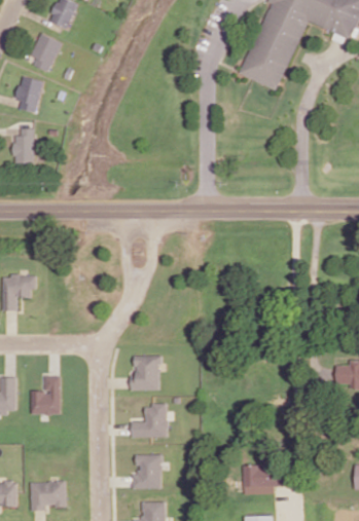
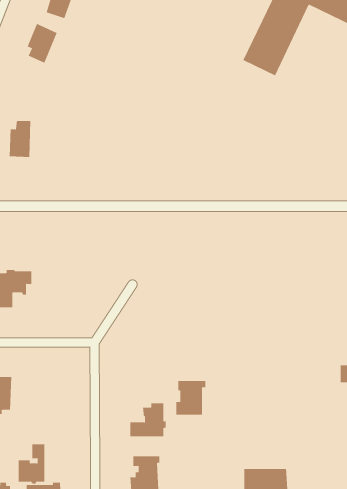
building: [16,76,44,114] -> none
building: [132,356,161,389] -> [175,380,206,415]
building: [33,376,60,415] -> [18,444,45,484]

